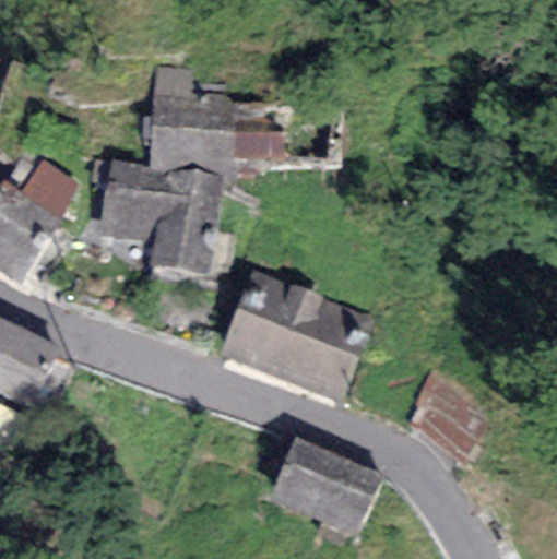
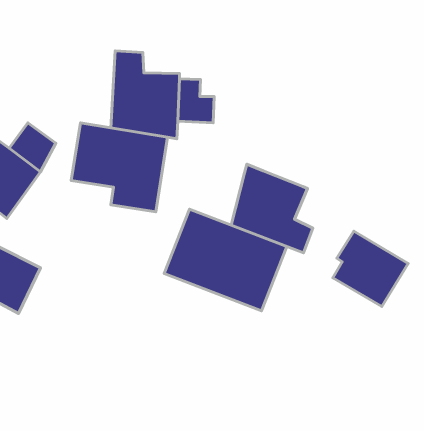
building: none -> [231,164,313,253]
building: [404,367,501,464] -> [333,231,408,307]
building: [265,436,382,536] -> none

